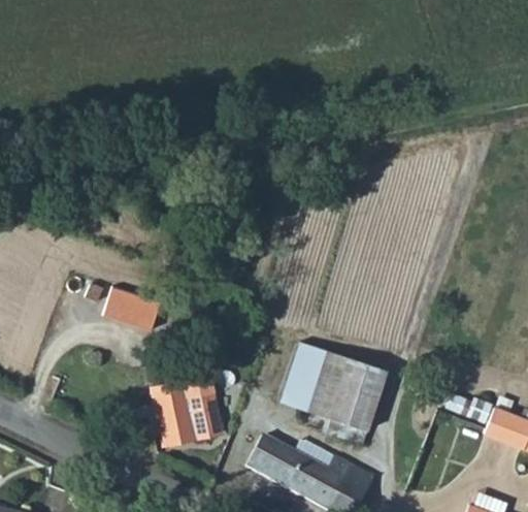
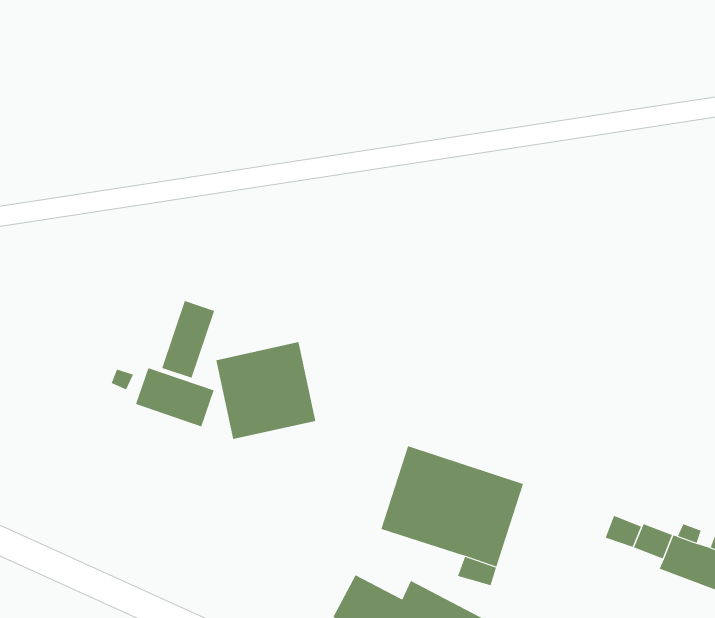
building: none -> [161,300,215,379]
building: [150,376,223,447] -> [215,342,316,440]

